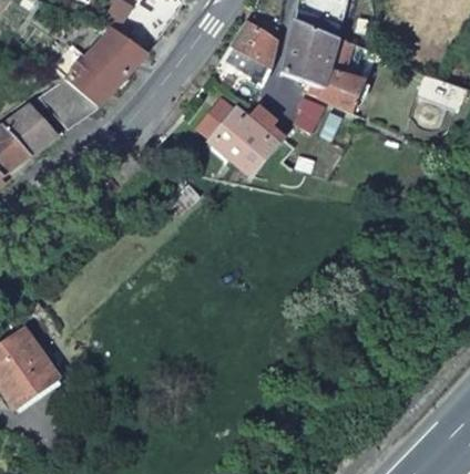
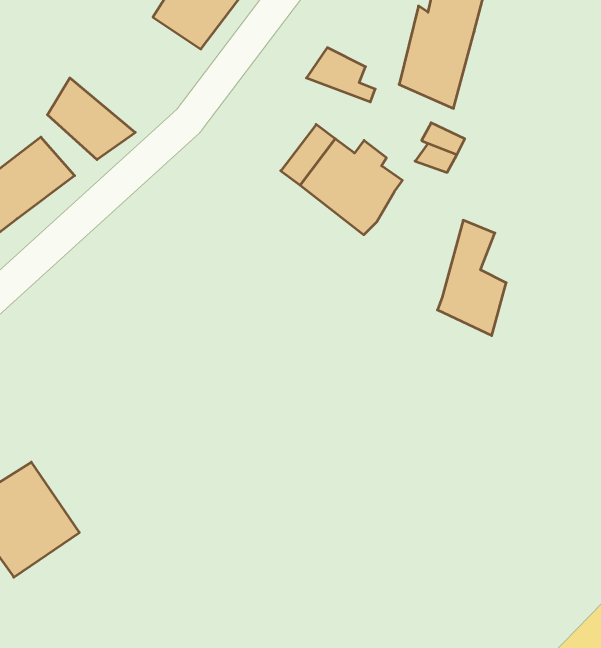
building: [232,20,275,73] -> none
building: [53,23,144,103] -> none
building: [316,33,364,113] -> [437,220,506,336]

